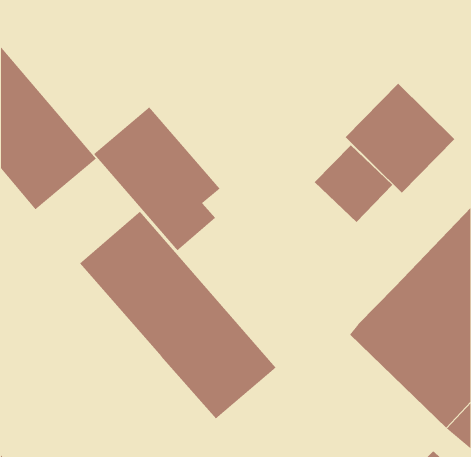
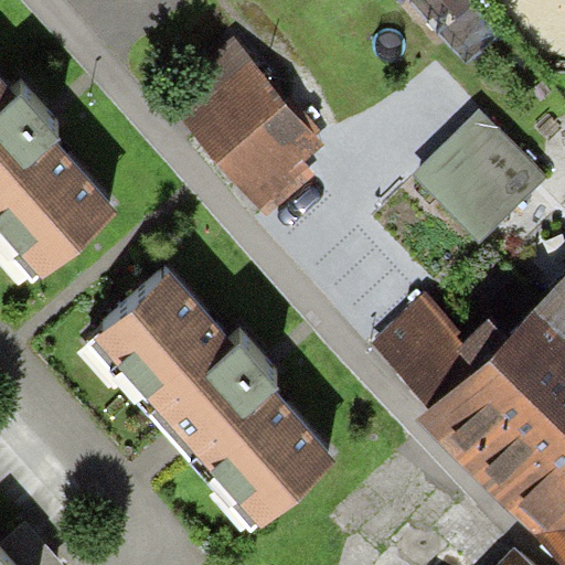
building: [93,106,220,251] -> [168,51,320,224]
building: [314,144,393,223] -> [377,311,472,405]

